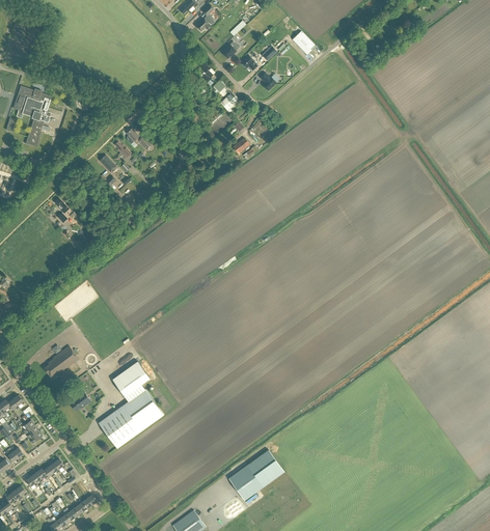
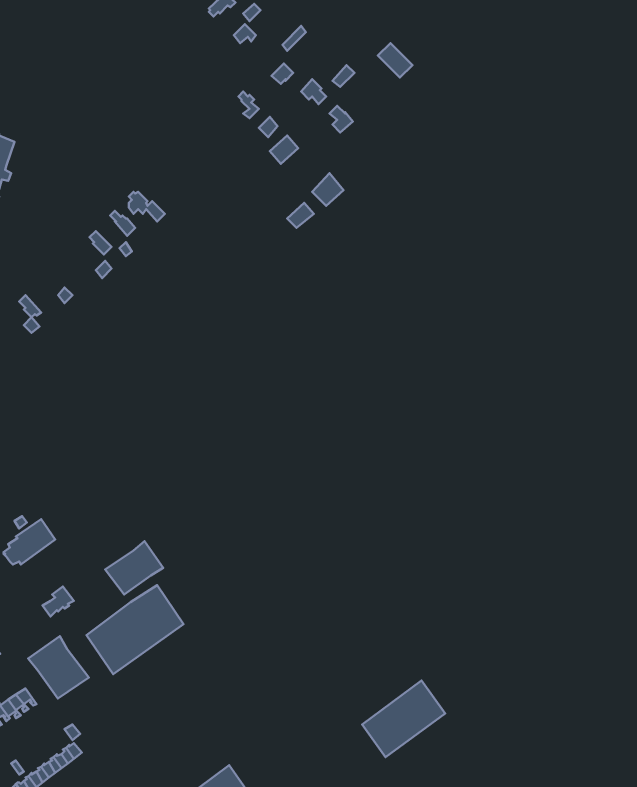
building: none -> [28,636,89,699]
building: [228,449,283,500] -> [362,680,445,757]

